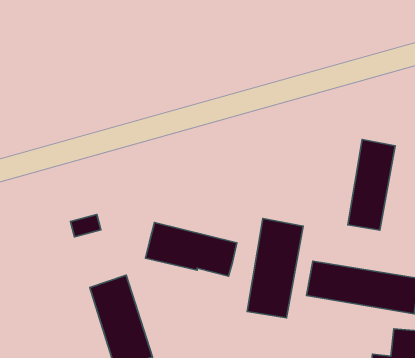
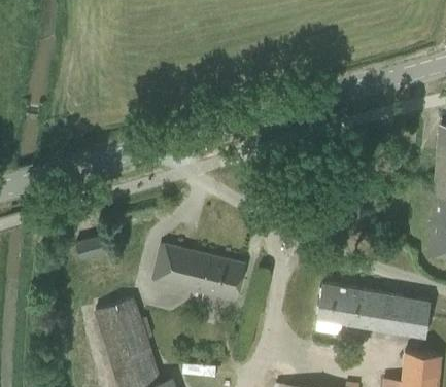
building: [348,140,395,230] -> none
building: [247,219,303,318] -> none

